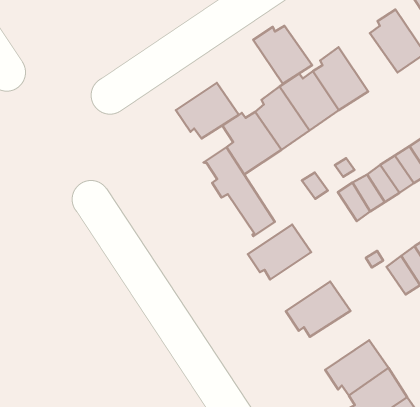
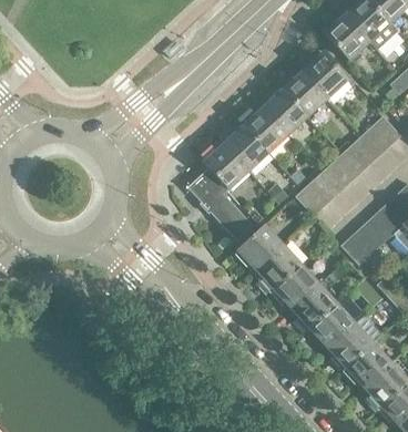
building: [253,26,312,84] -> [279,71,327,115]
building: [176,83,239,139] -> none
building: none -> [255,244,300,291]
building: none -> [292,284,337,331]

